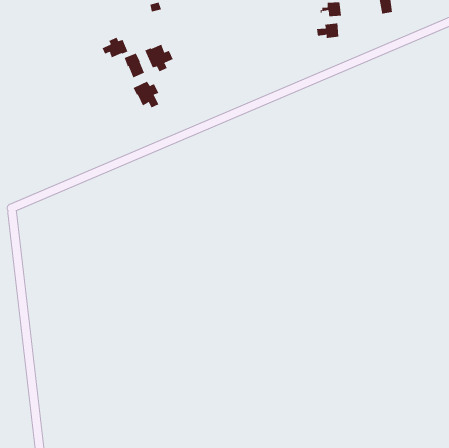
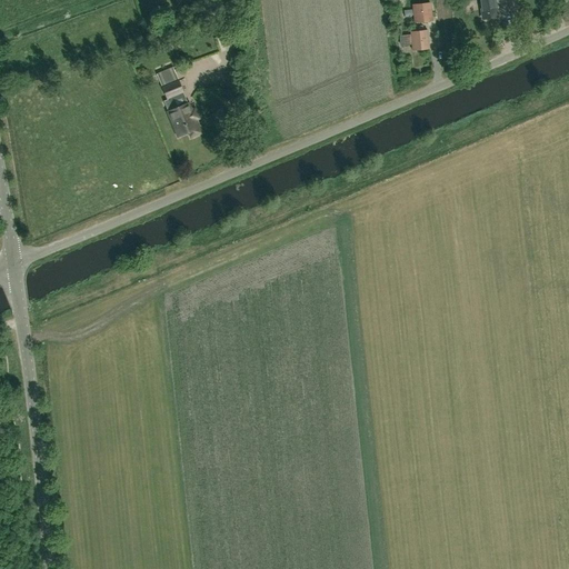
building: [102,37,128,58] -> none
building: [145,44,173,72] -> none

